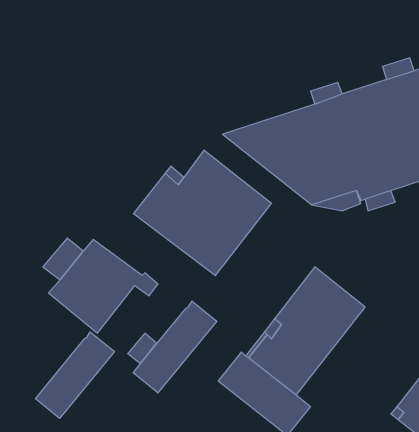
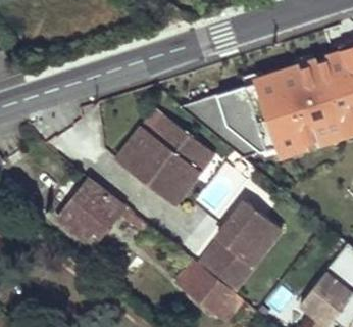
building: [133,301,217,393] -> none
building: [35,332,114,418] -> none

